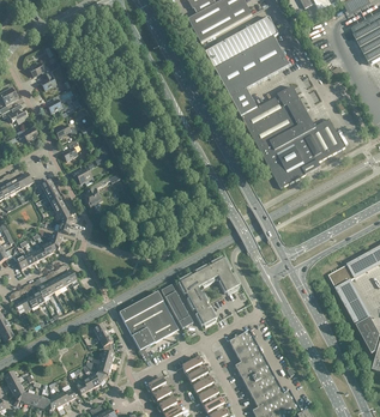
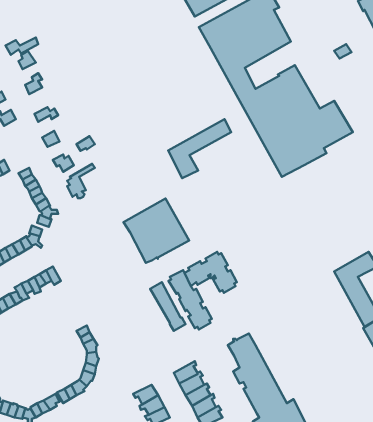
building: none -> [168,119,231,178]
building: [117,290,177,349] -> [124,198,189,263]

